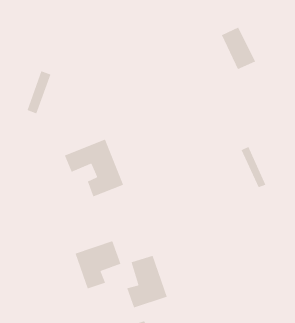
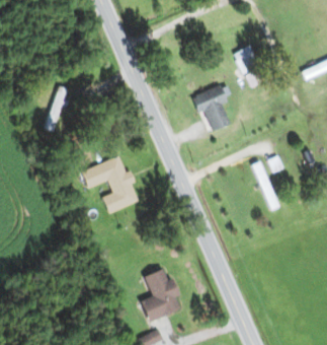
building: none -> [191,86,231,130]
building: [75,240,122,289] -> none

